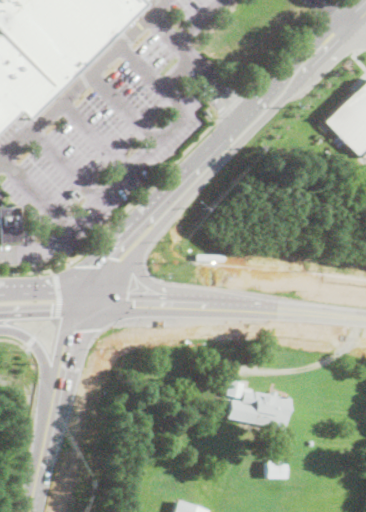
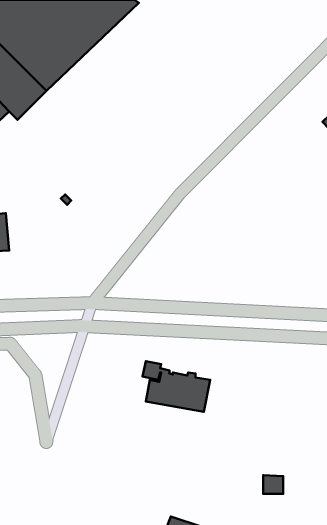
building: [228,380,293,429] -> [143,361,210,412]

